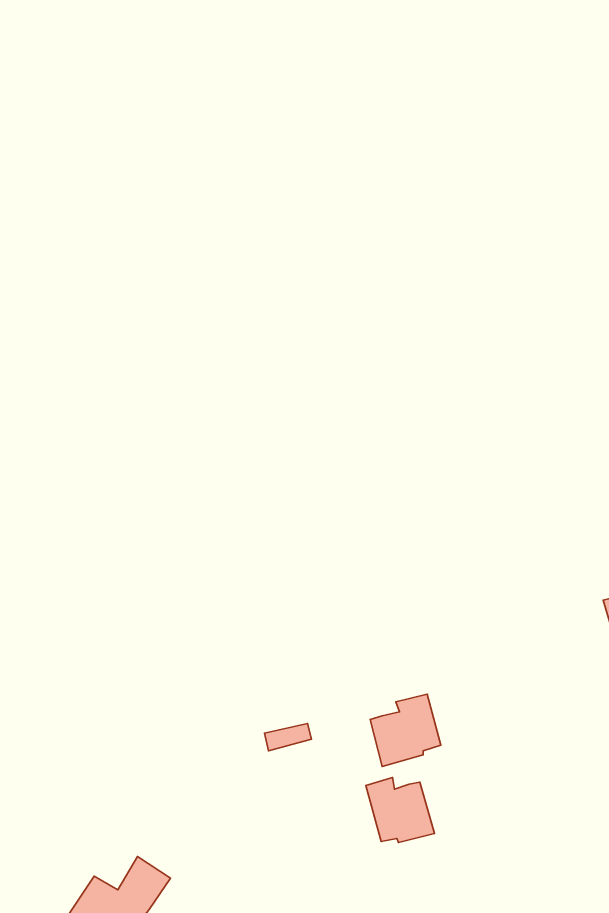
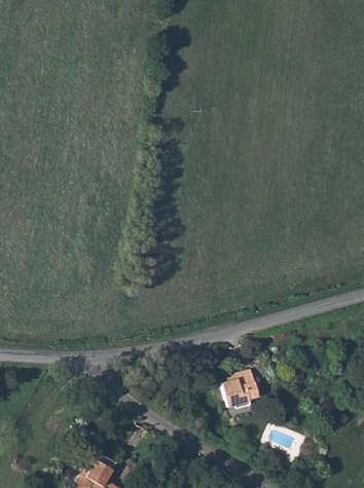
building: [366,778,434,842] -> none

